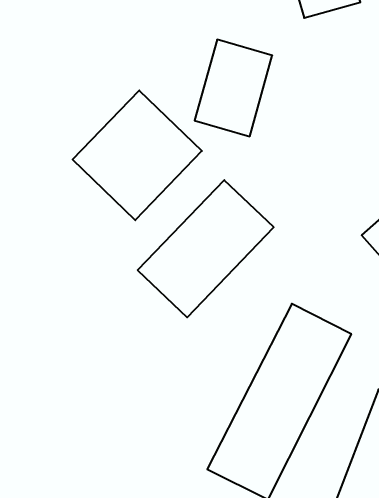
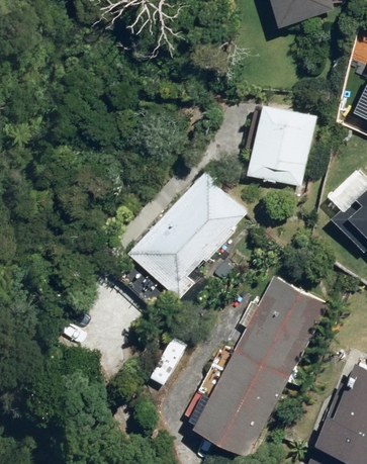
building: [195,40,272,136] -> [246,103,315,190]
building: [73,90,202,220] -> none

